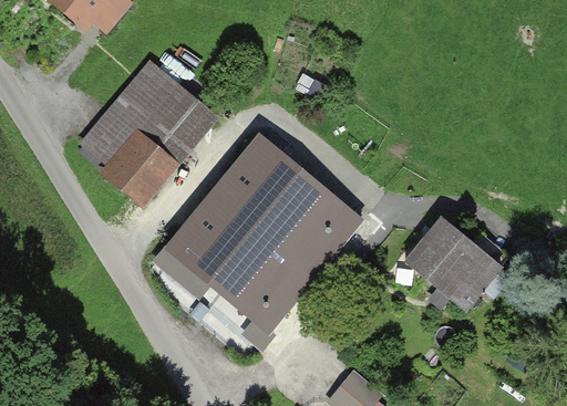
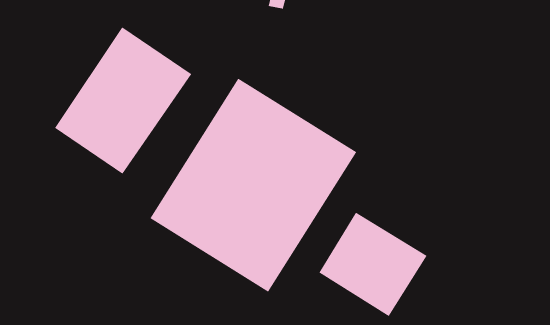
building: [396,217,502,320] -> [318,212,427,317]

